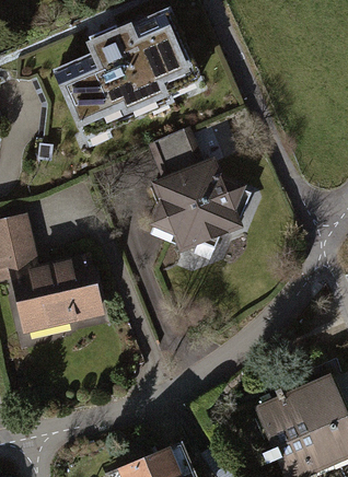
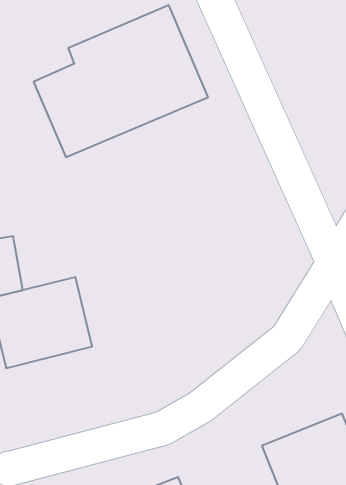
building: [146,132,242,255] -> none

